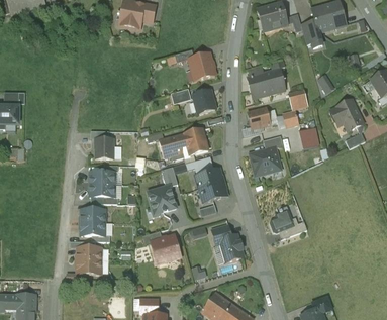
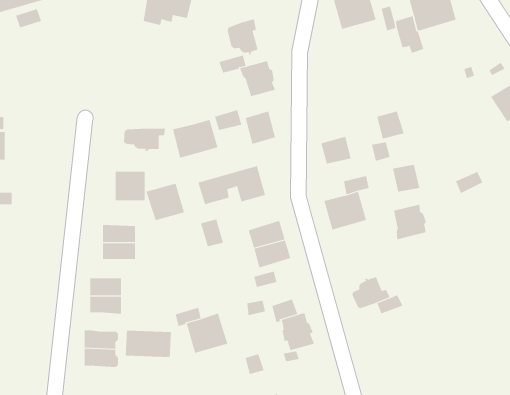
building: none -> [227,18,258,55]
building: [248,68,285,98] -> none
building: none -> [173,119,218,158]
building: [330,99,363,130] -> none
building: none -> [123,128,165,151]
building: none -> [394,204,427,240]
building: [148,186,176,213] -> [146,183,185,221]
building: none -> [125,330,172,358]

